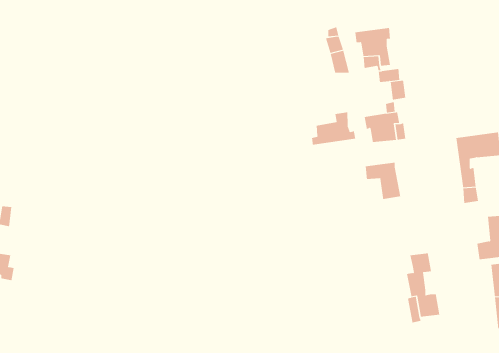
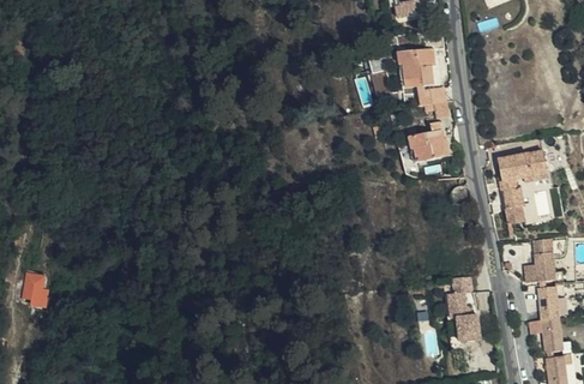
building: [311,111,356,146] -> none
building: [365,162,401,200] -> none

